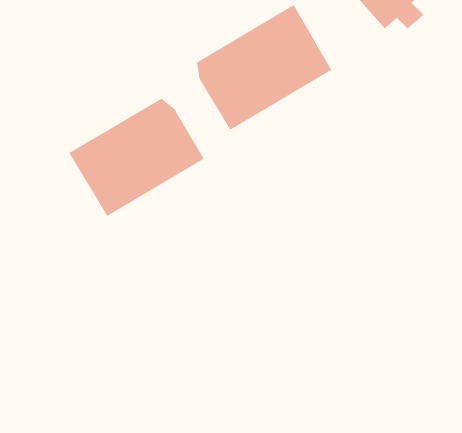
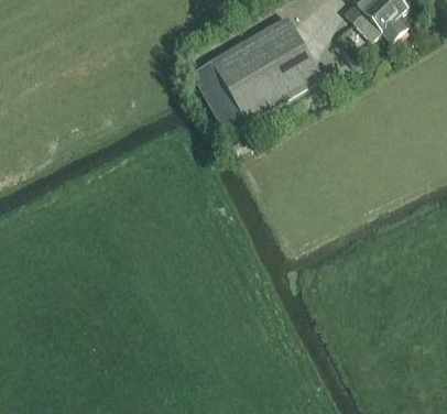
building: [68,98,204,217] -> none

